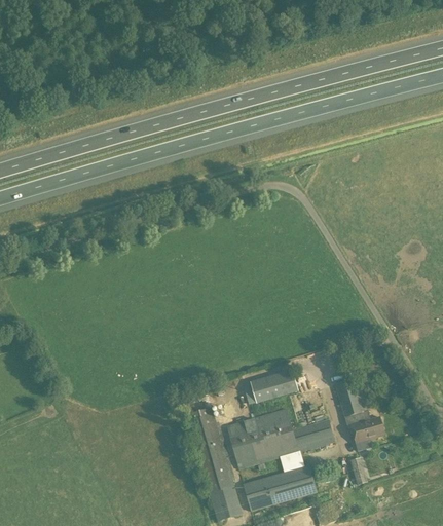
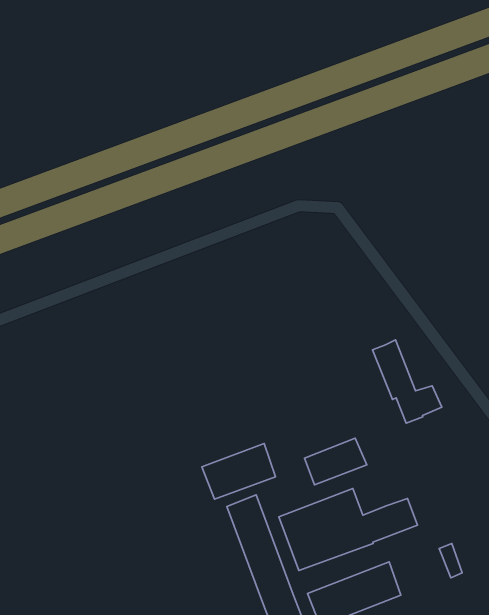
building: none -> [202,443,275,499]
building: [335,377,385,443] -> [373,340,442,423]

